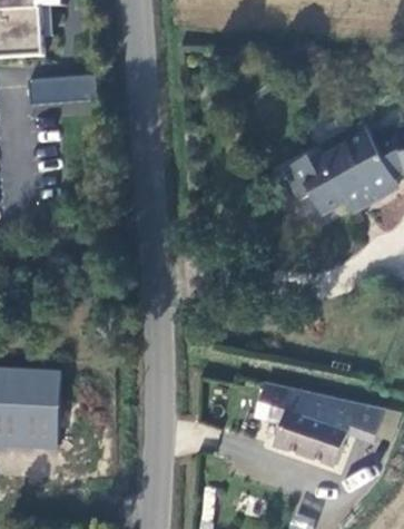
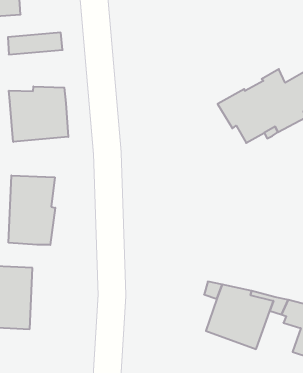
building: none -> [9,86,68,142]
building: none -> [9,175,55,245]

